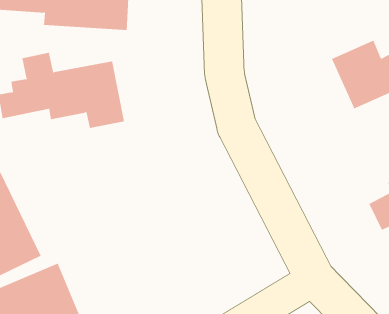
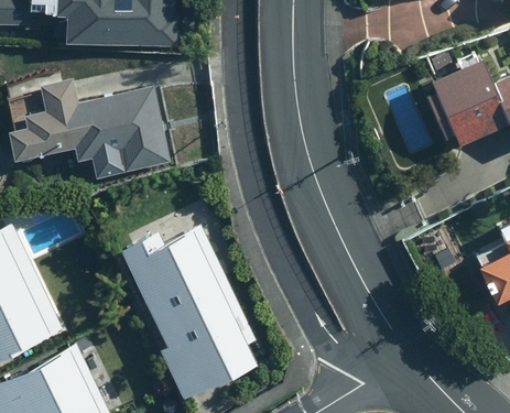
building: none -> [119,222,268,398]

